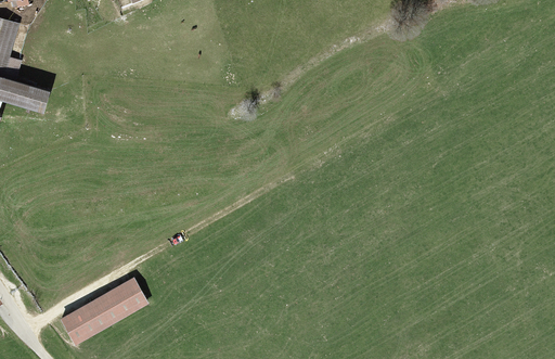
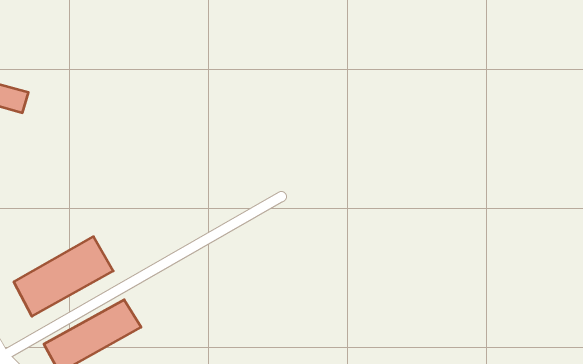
building: none -> [14,237,113,316]

